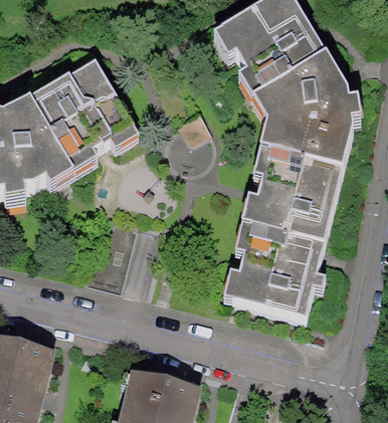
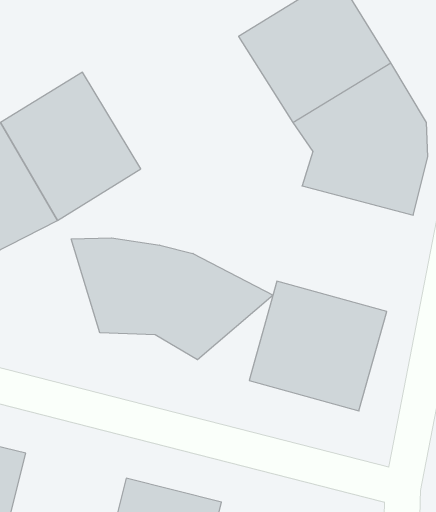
building: [244,146,348,241] -> none
building: none -> [71,238,273,360]

